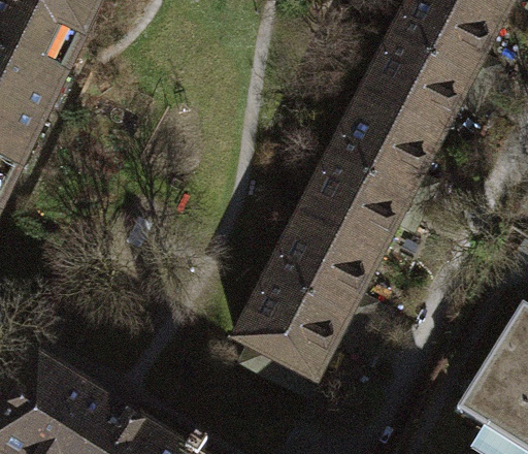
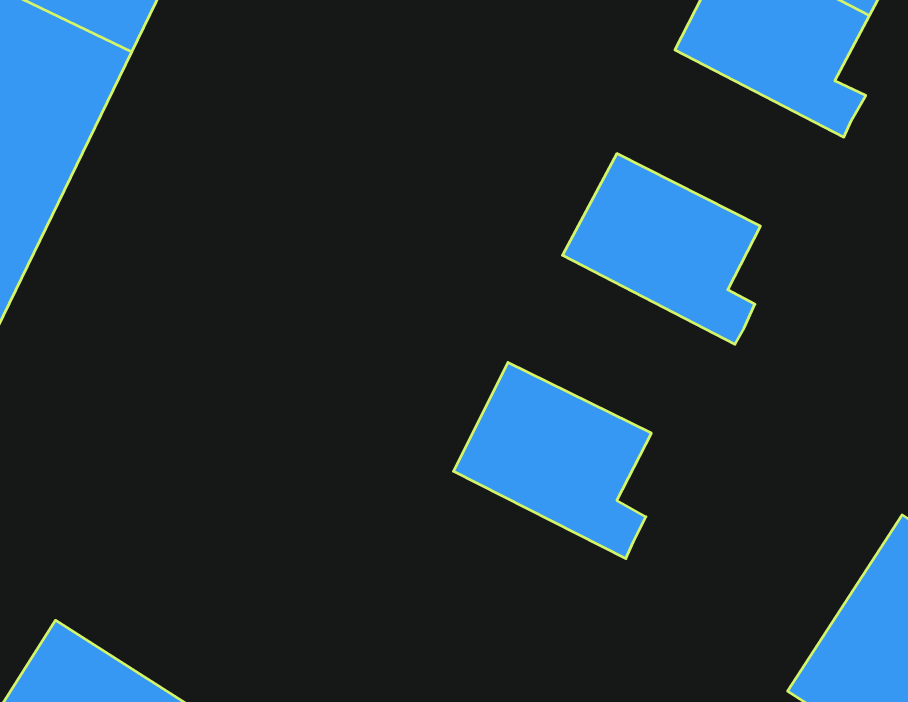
building: [358,39,487,139] -> none
building: [296,156,425,257] -> none
building: [233,279,363,395] -> none

